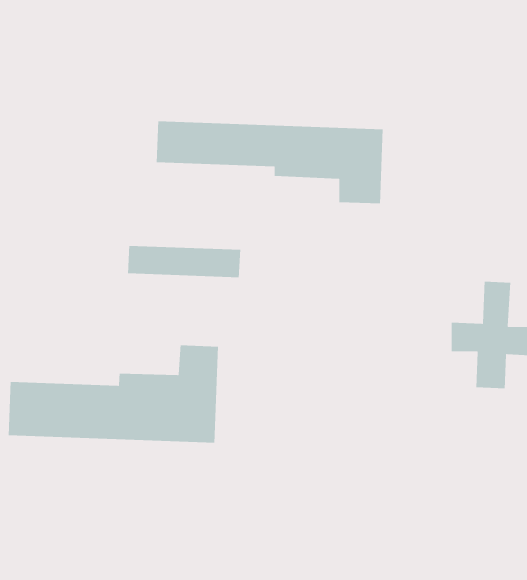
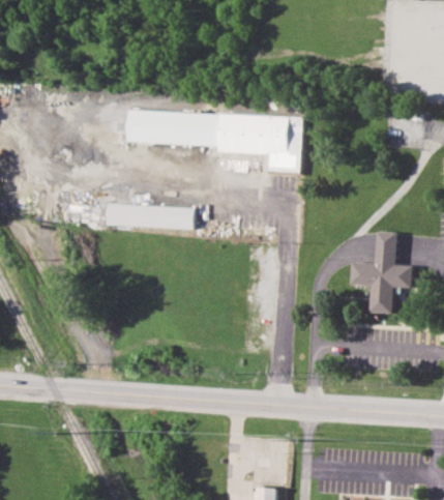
building: [8,345,219,444] -> none

